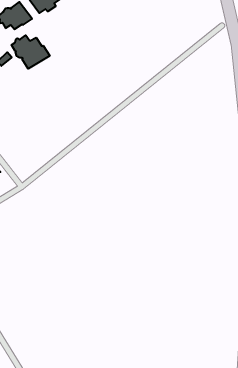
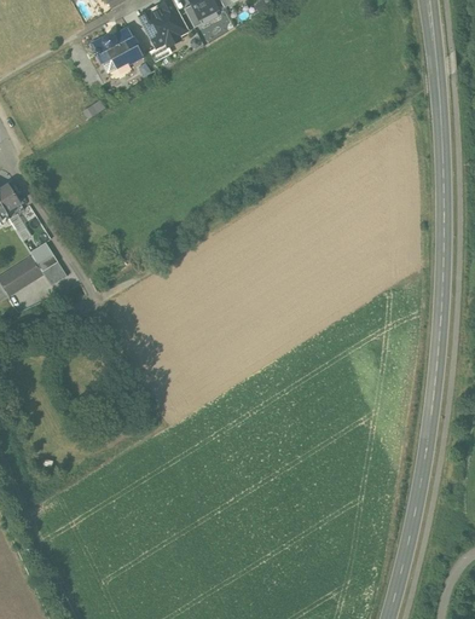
building: [12,35,50,69] -> none

